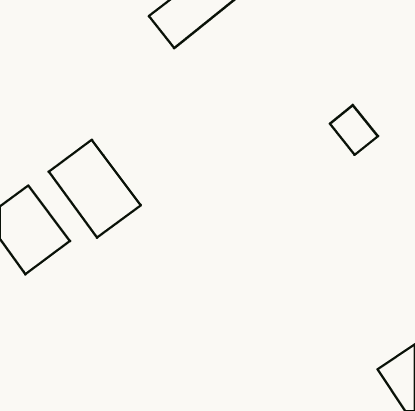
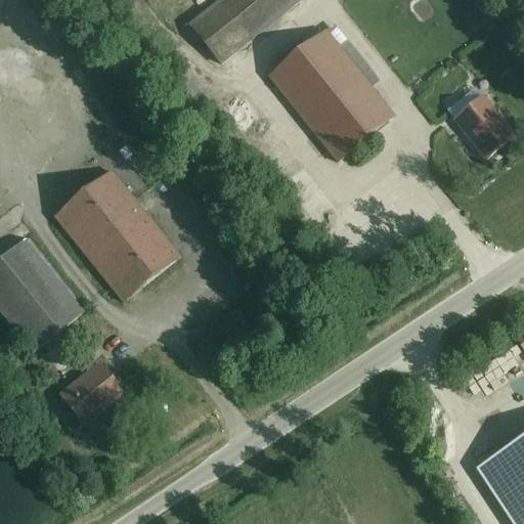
building: none -> [268,28,393,158]
building: [330,105,378,155] -> [453,92,514,155]
building: none -> [61,365,124,427]

